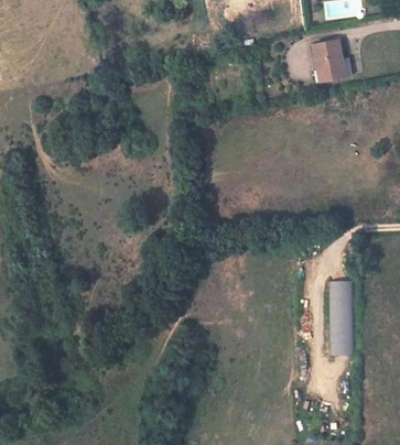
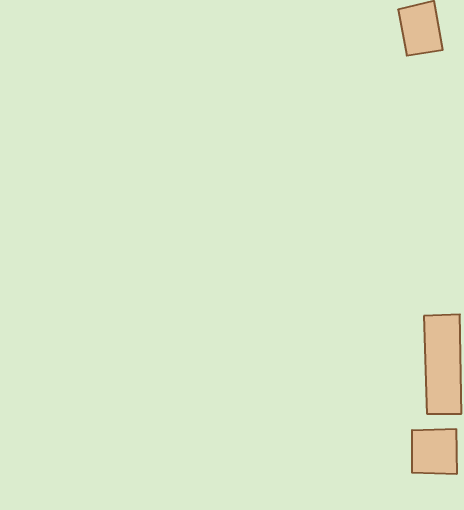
building: none -> [412,429,457,474]

